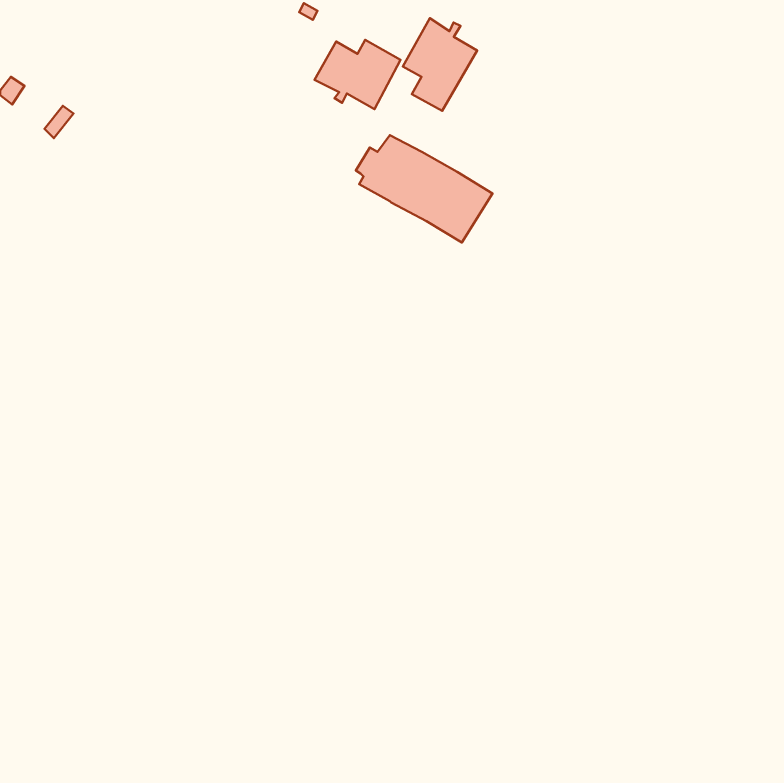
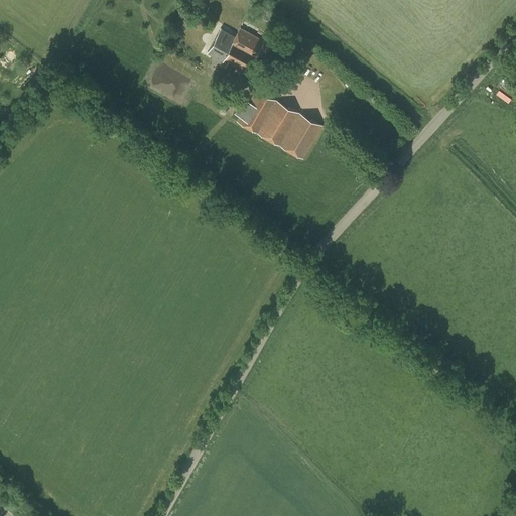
building: [403,18,477,111] -> none

